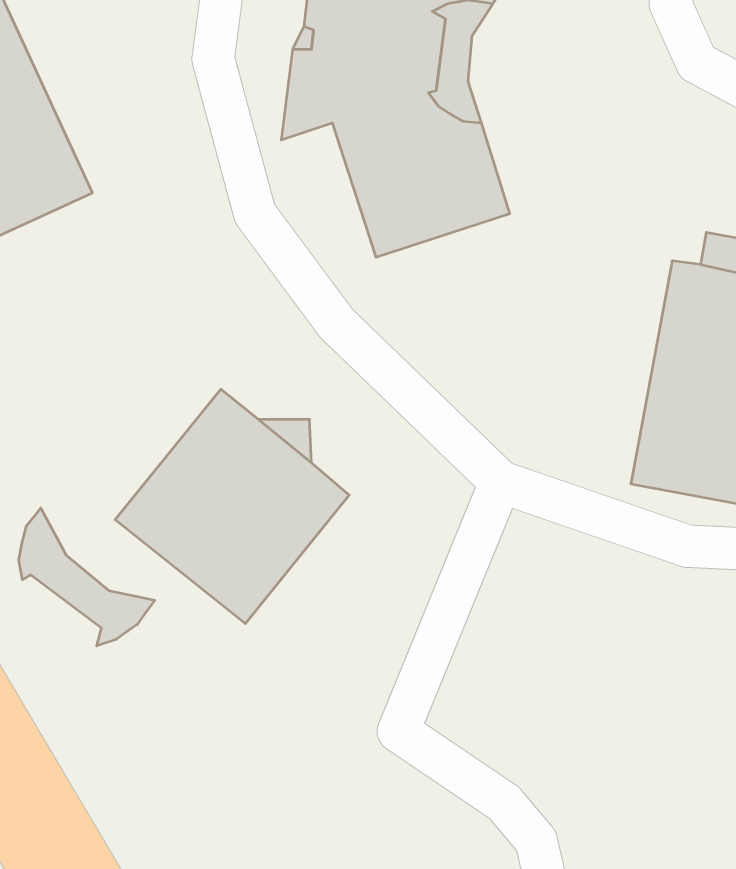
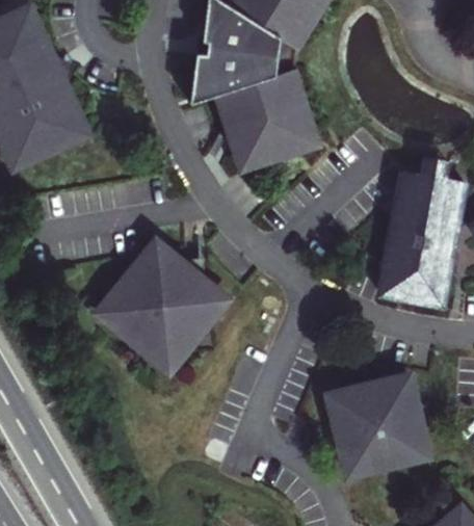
building: [19,508,155,646] -> none
building: none -> [330,377,427,476]

